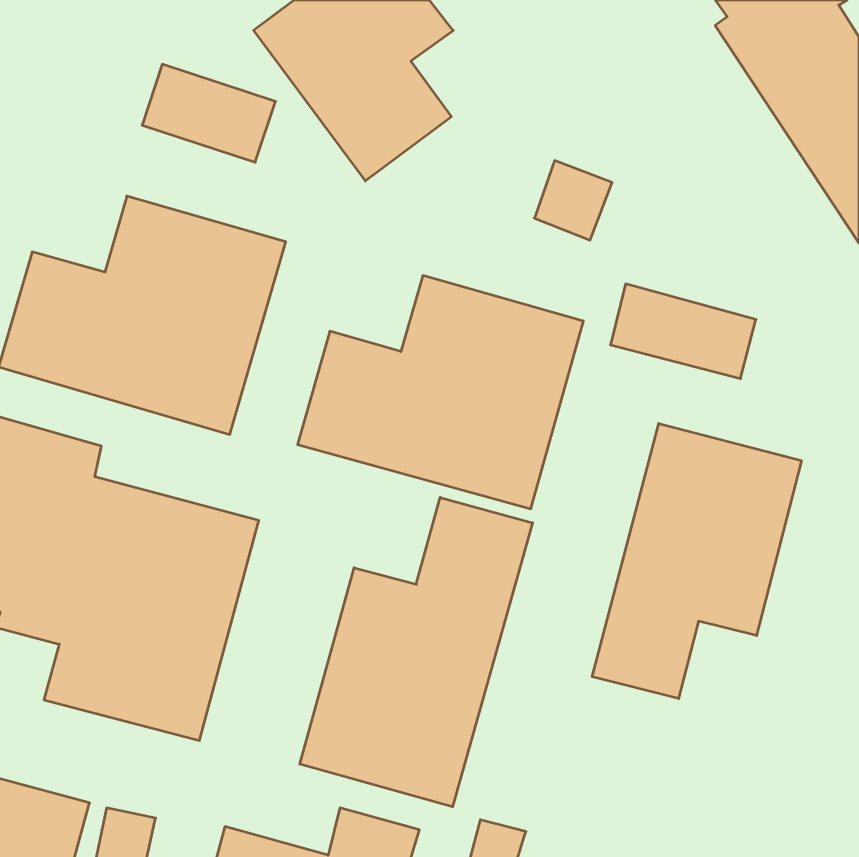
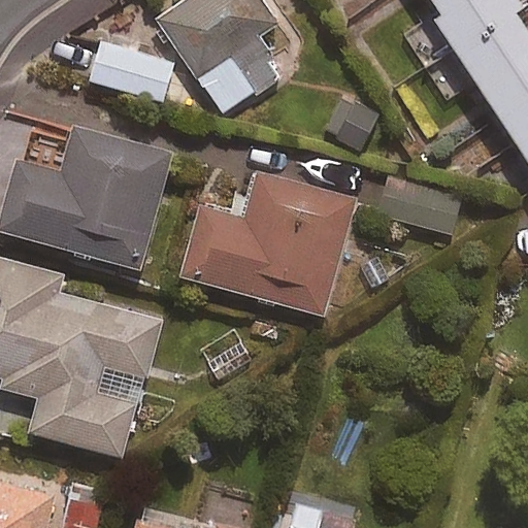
building: [592,423,801,699] -> none
building: [300,497,533,807] -> none

